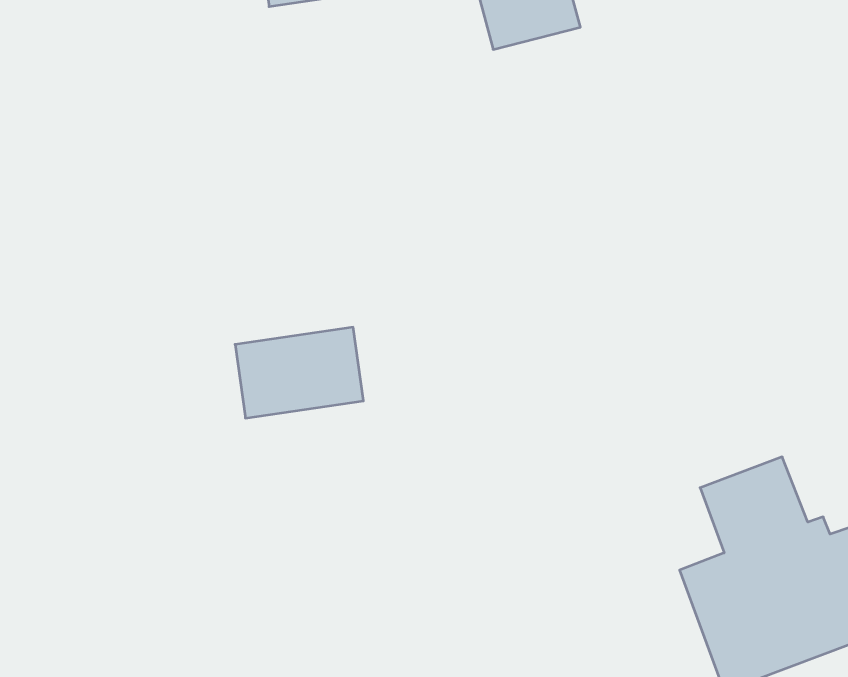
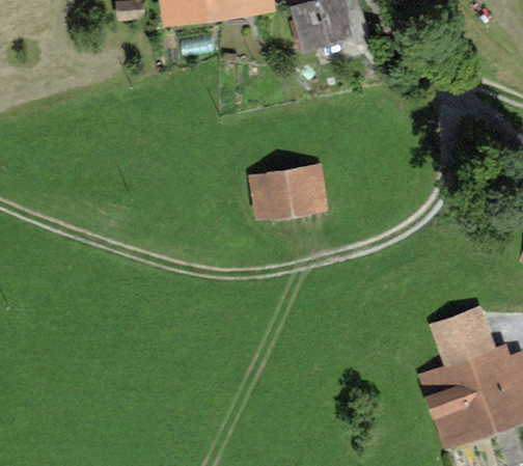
building: [235,327,363,418] -> [249,162,327,217]

